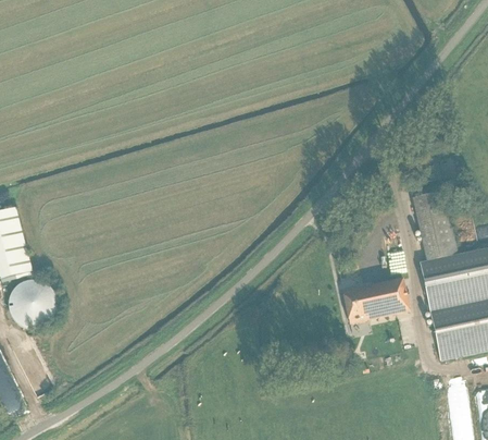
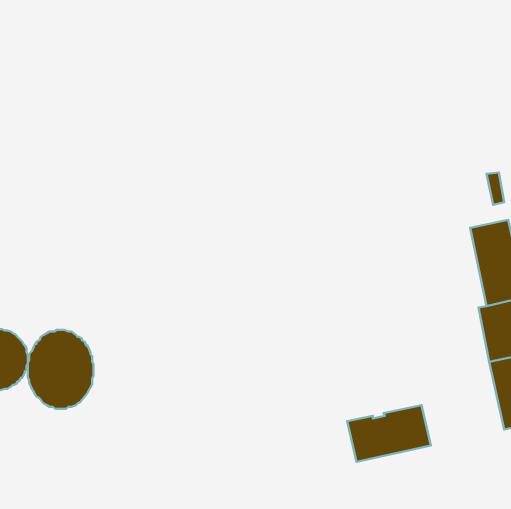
building: [342,278,410,323] -> [347,405,431,462]
building: none -> [28,330,94,409]

